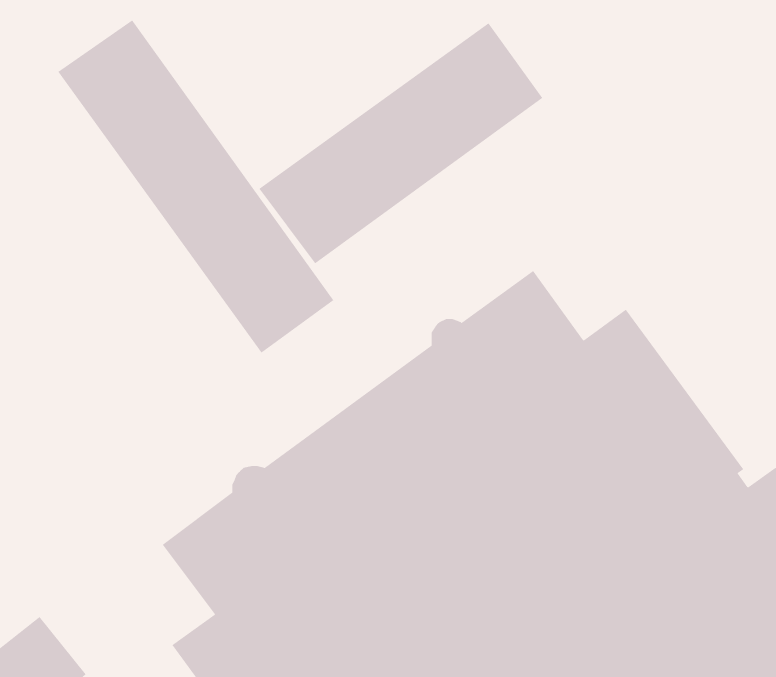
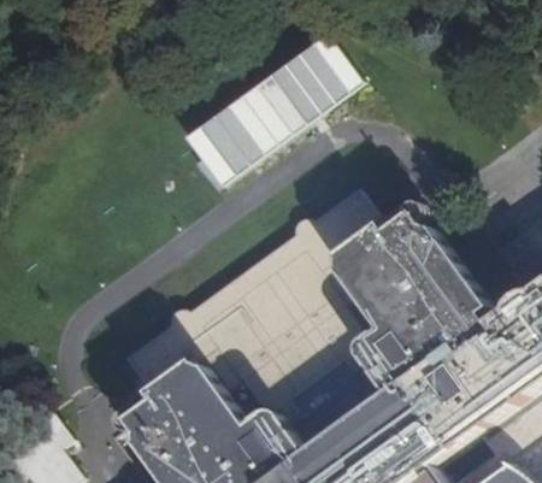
building: [58,19,334,353] -> none

